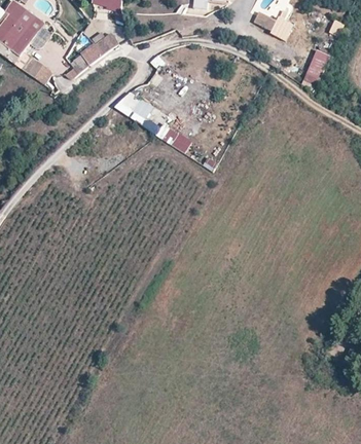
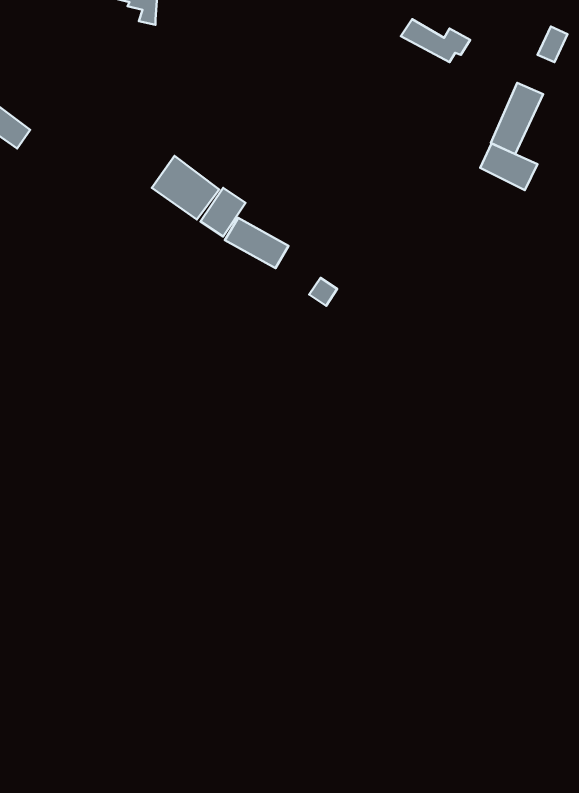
building: [67,27,121,78] -> none
building: none -> [480,143,537,190]

